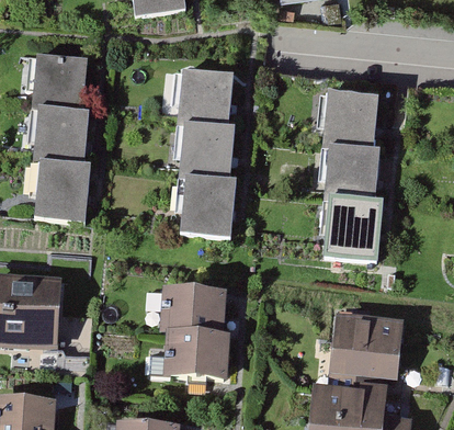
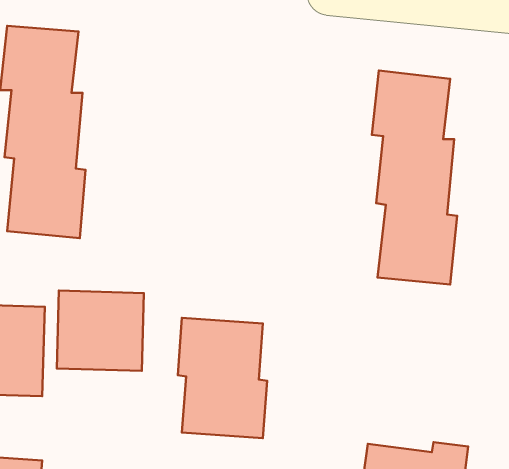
building: [173,69,239,237] -> none
building: none -> [57,291,144,371]
building: [333,313,406,378] -> none

